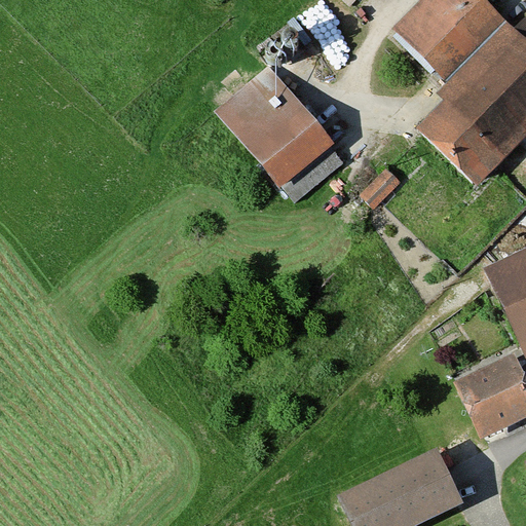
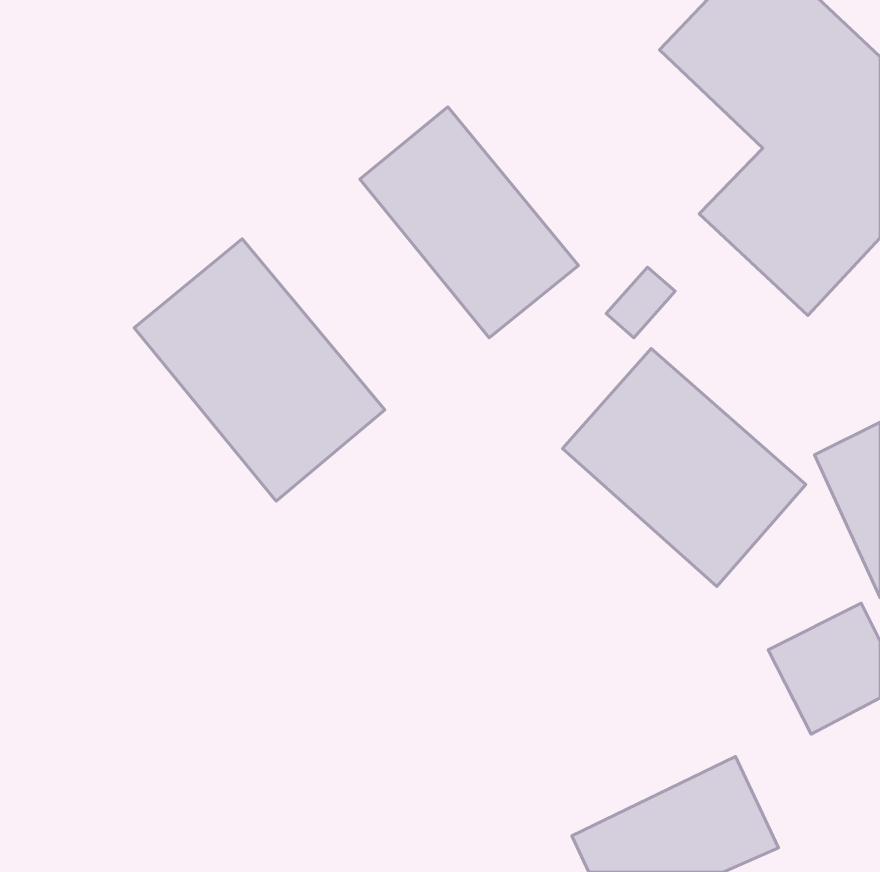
building: none -> [134,239,385,501]
building: none -> [562,348,806,586]

